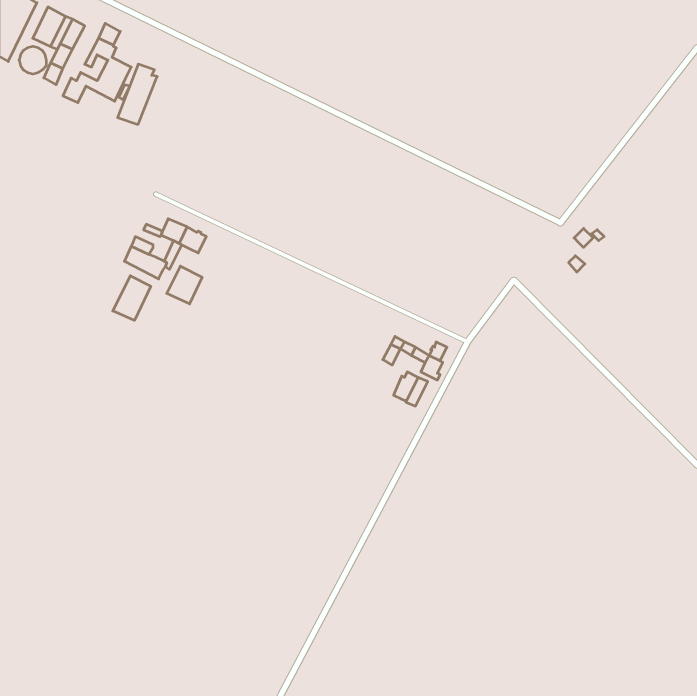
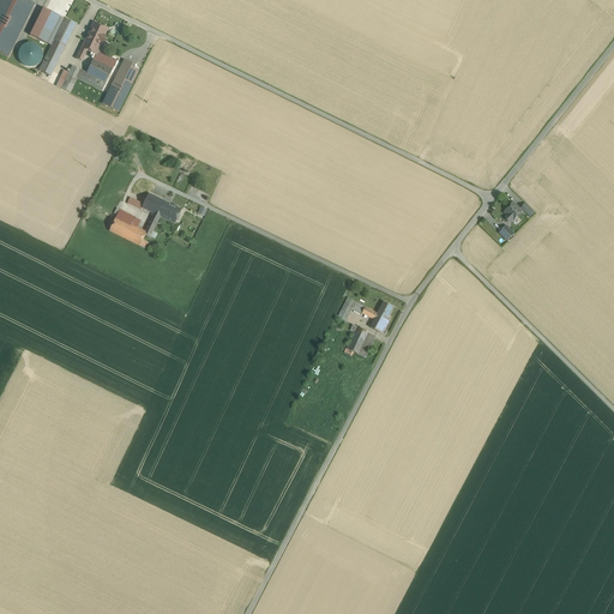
building: [167,266,202,304] -> none
building: [113,276,151,320] -> none

